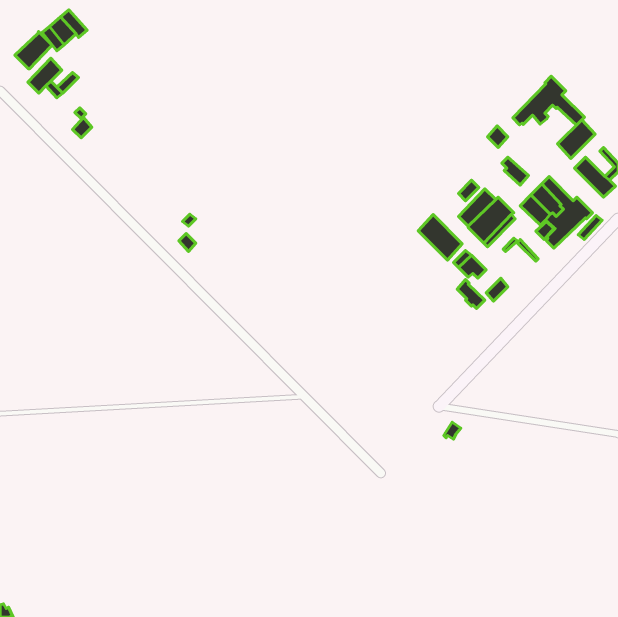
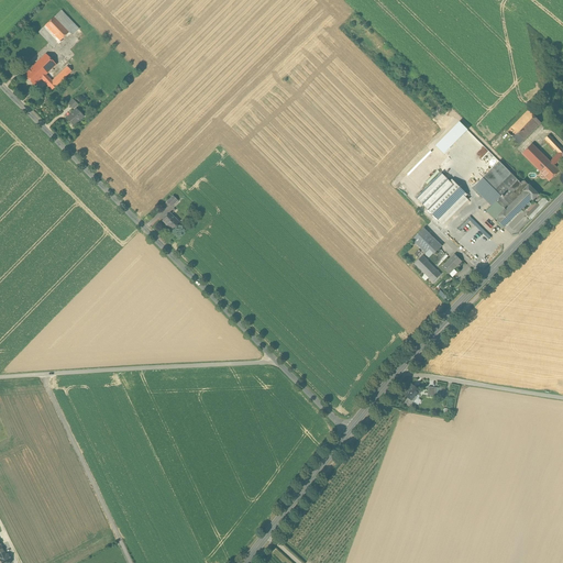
building: [15,31,52,69] -> none
building: [513,76,584,125] -> none
building: [418,214,462,260] -> none

